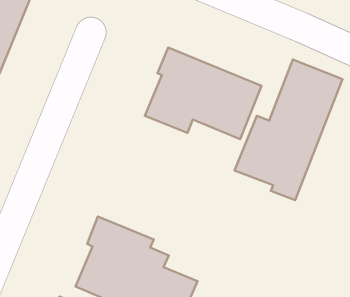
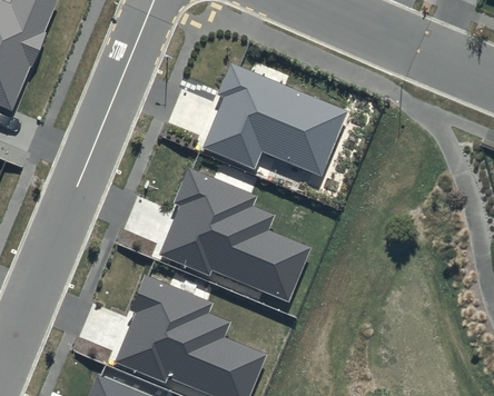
building: [235,59,343,200] -> none
building: none -> [160,168,312,301]

